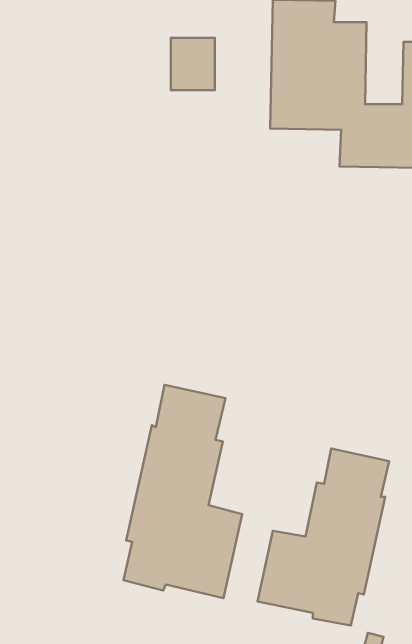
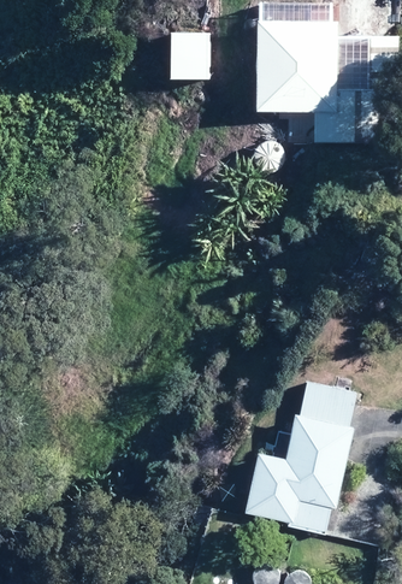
building: [124,385,242,598] -> none

